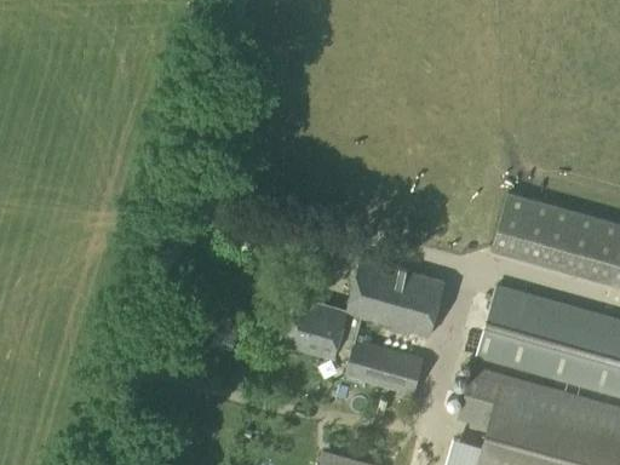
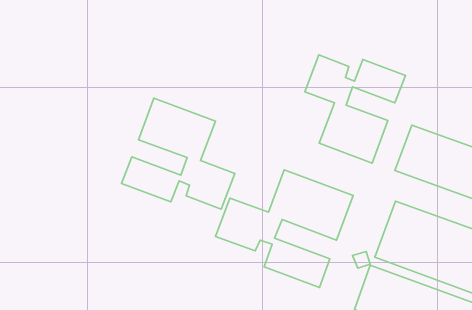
building: none -> [305,55,405,163]
building: none -> [121,98,235,209]

